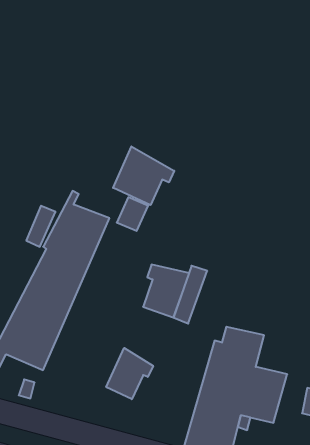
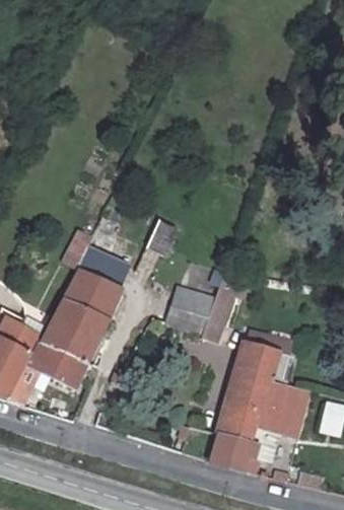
building: [113,146,174,205] -> none
building: [106,348,153,399] -> none

